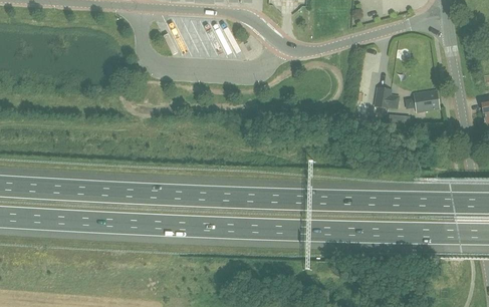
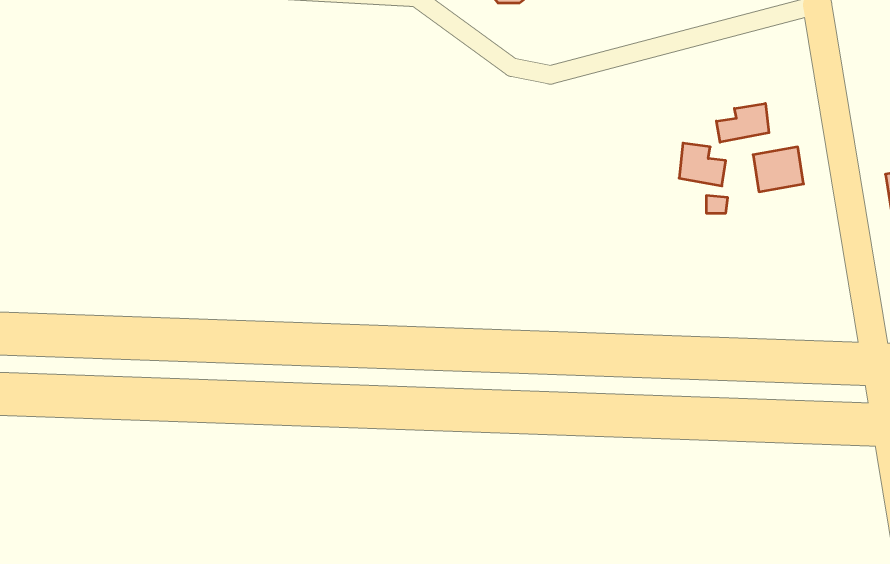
building: none -> [716,103,769,142]

